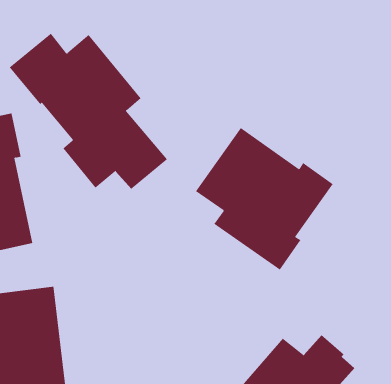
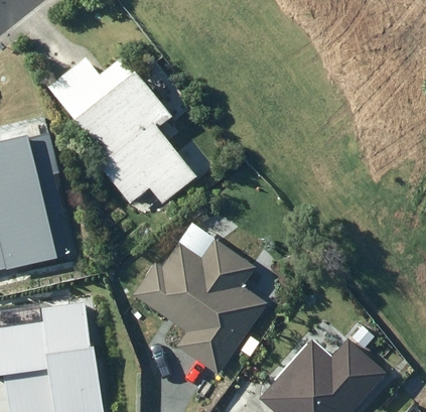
building: [195,127,333,271] -> none
building: none -> [130,239,263,375]

